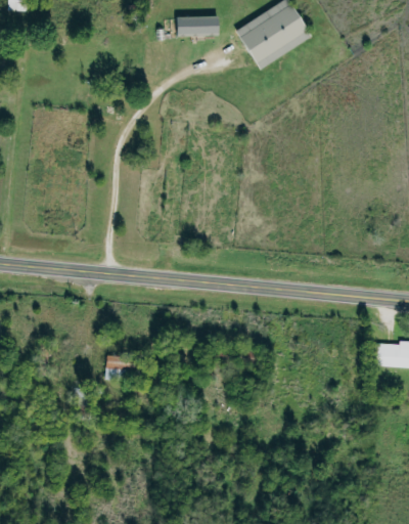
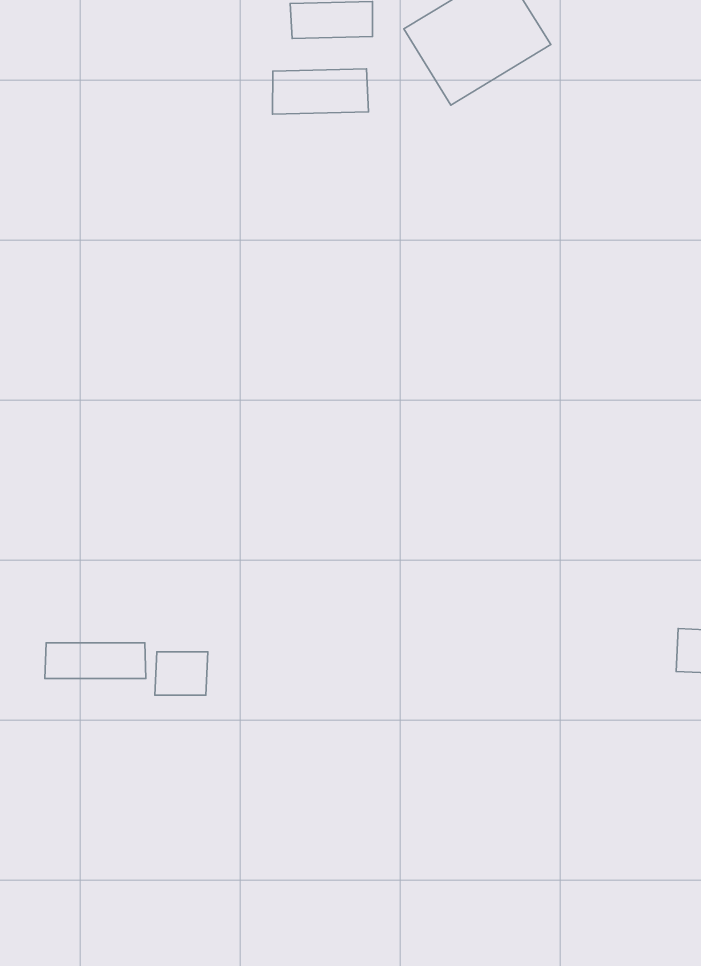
building: none -> [272,69,368,114]
building: none -> [45,643,146,679]

